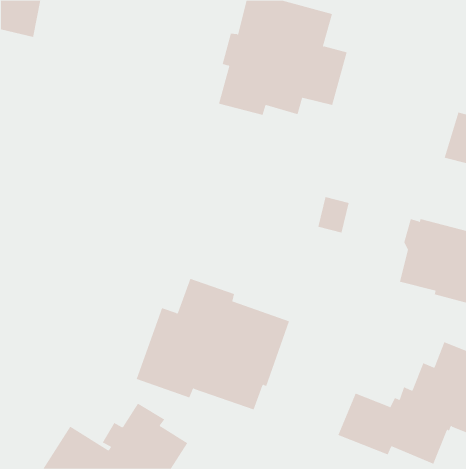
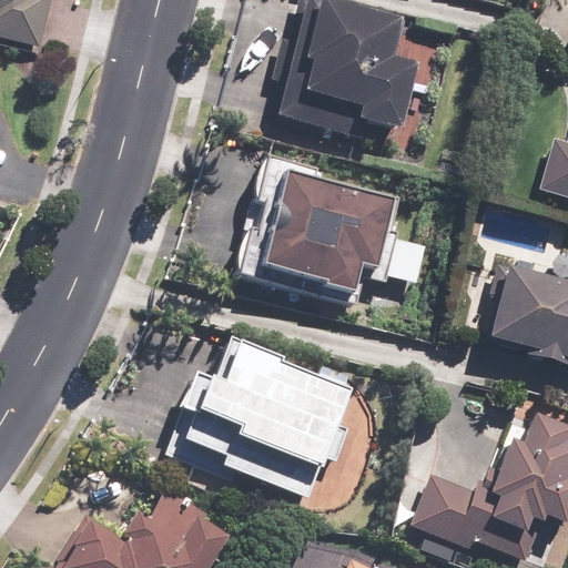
building: none -> [240,155,403,304]

